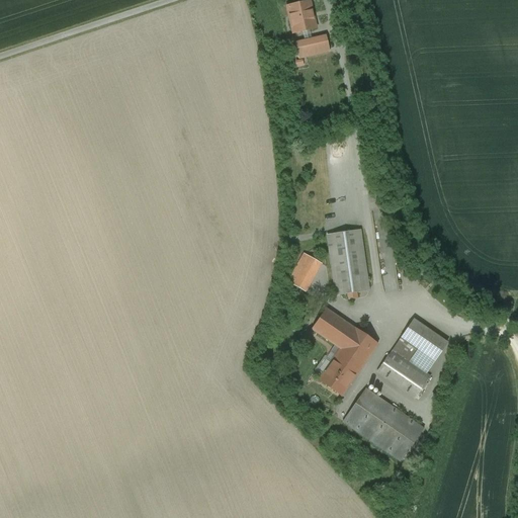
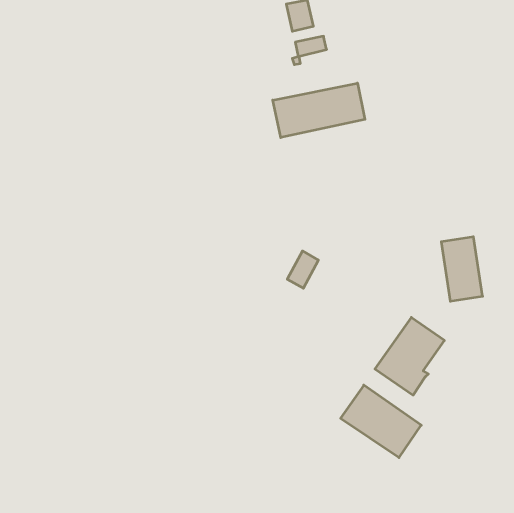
building: none -> [273,83,365,138]
building: [328,229,369,293] -> [441,237,483,301]
building: [313,307,378,395] -> none

